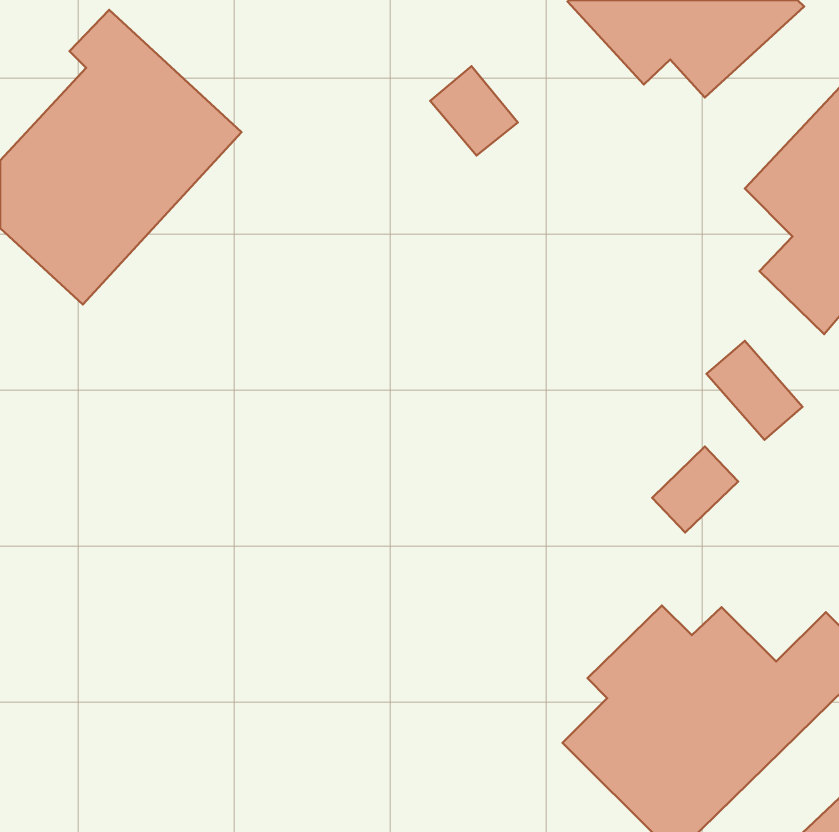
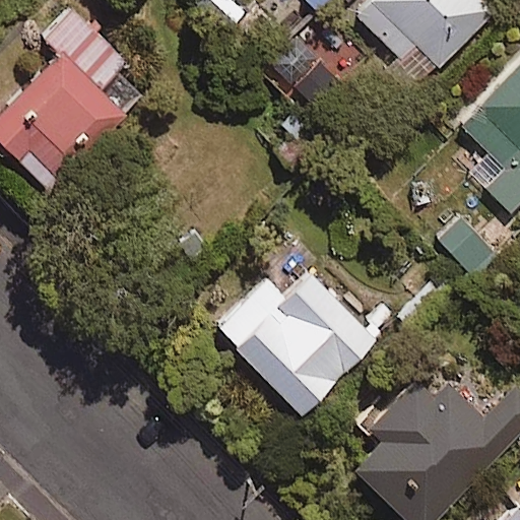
building: none -> [216,267,377,414]

